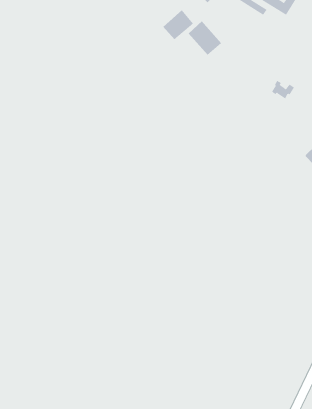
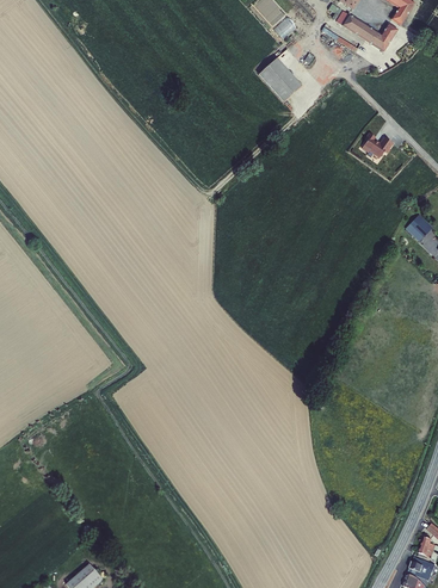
building: [162,10,194,40] -> none

